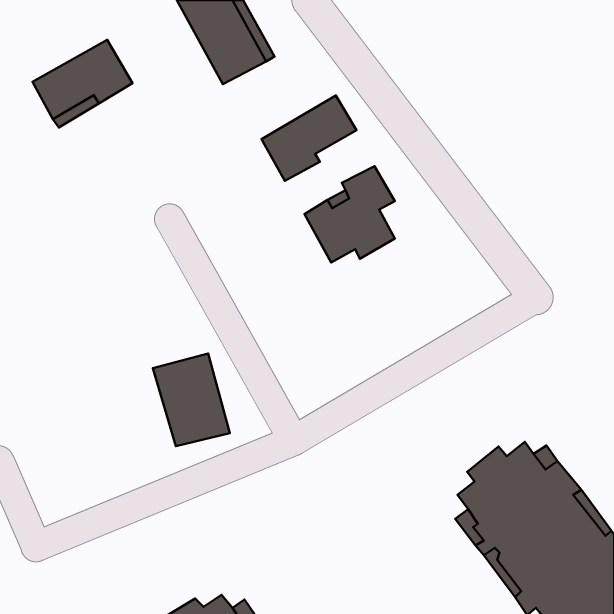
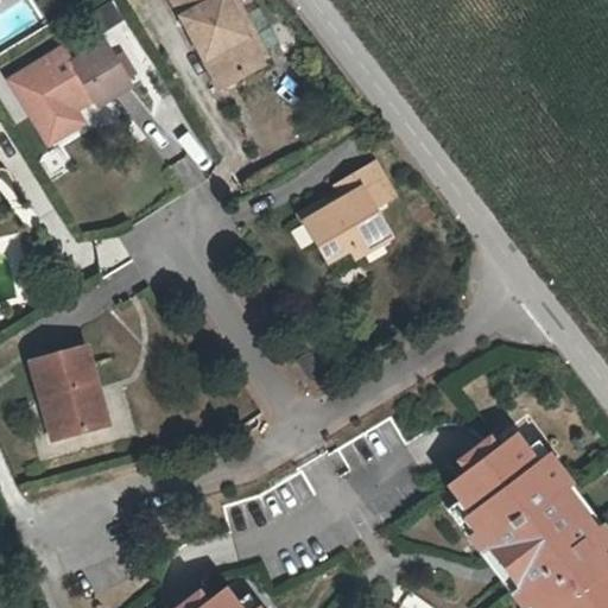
building: [261,96,357,181] -> none
building: [153,354,230,446] -> [30,344,106,436]

